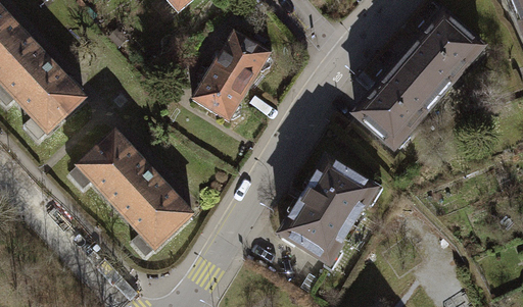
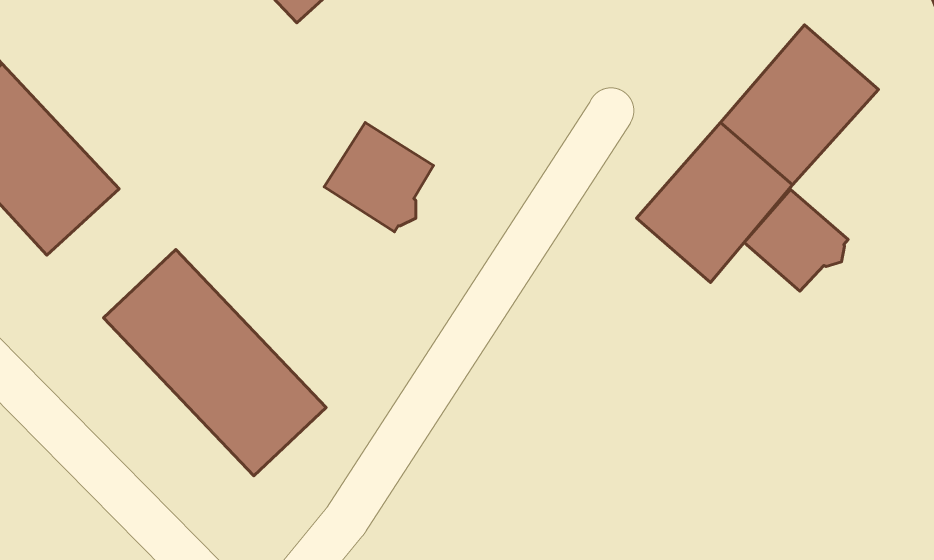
building: [213,31,271,87] -> none
building: none -> [744,190,848,291]
building: [280,158,375,263] -> none

